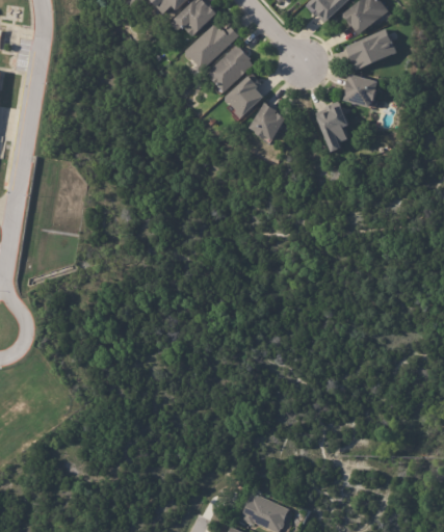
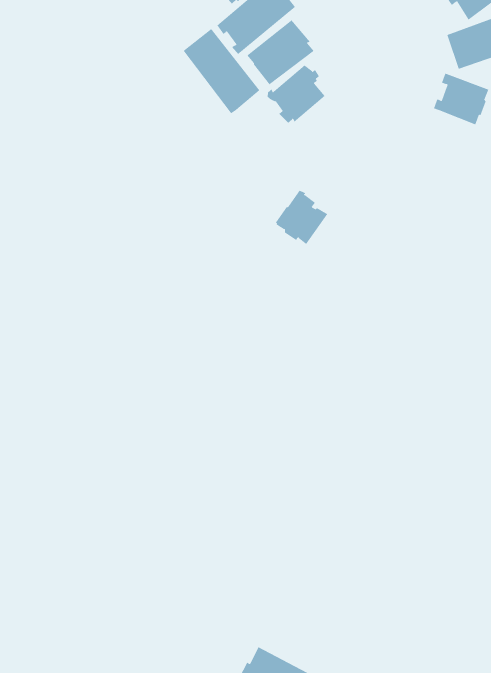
building: none -> [183,28,260,114]
building: [314,102,349,154] -> none
building: [247,103,285,141] -> [275,190,328,245]

